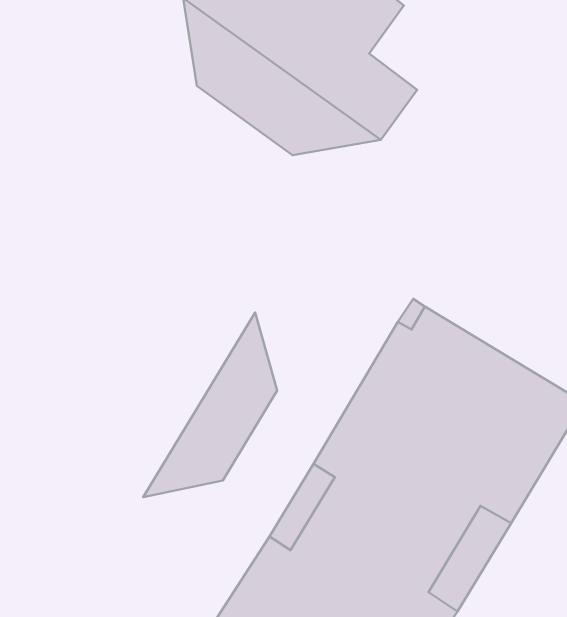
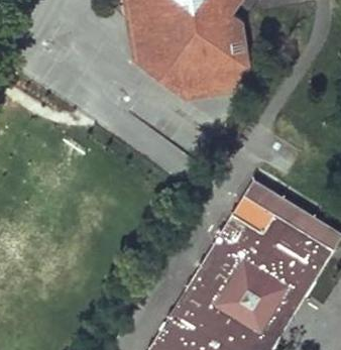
building: [143,313,277,497] -> none

